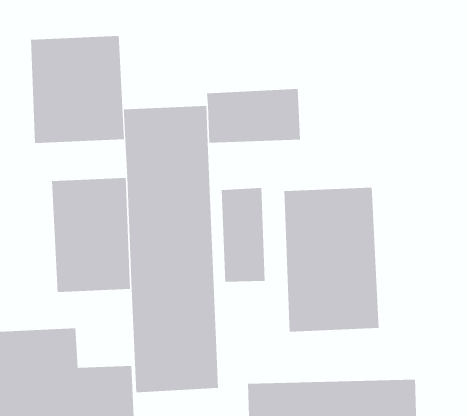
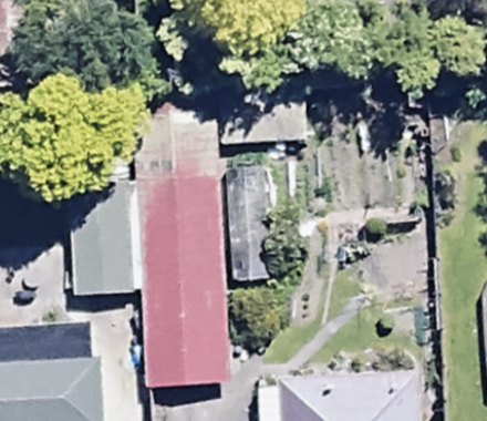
building: [31,35,124,144] -> none
building: [284,187,379,333] -> none

